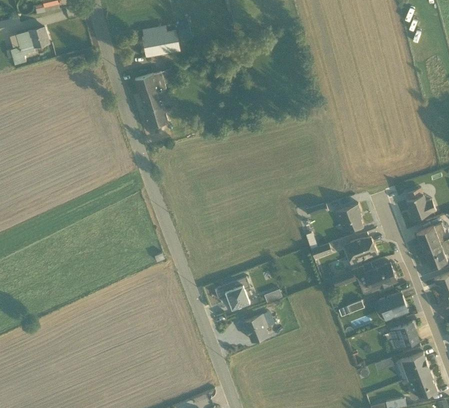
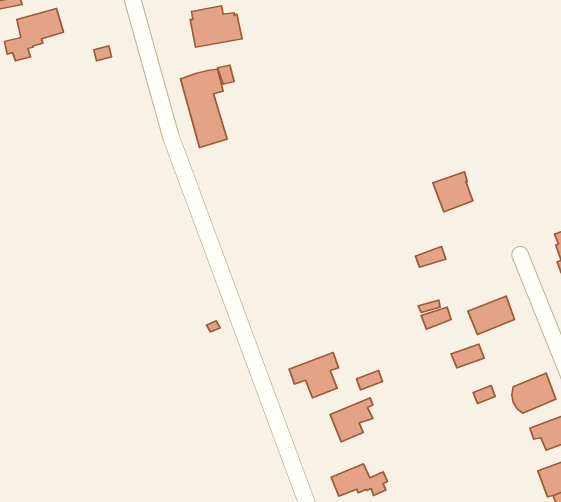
building: [336,202,365,231] -> [433,172,473,212]
building: [364,262,397,290] -> none
building: none -> [331,464,388,496]

